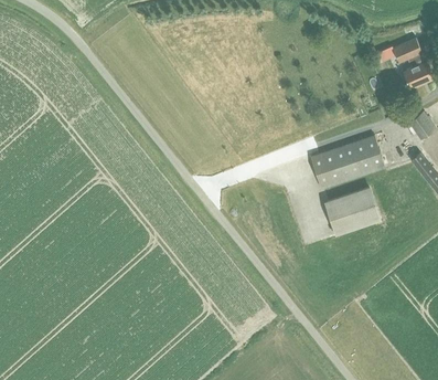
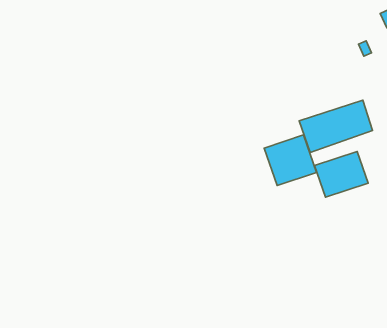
building: none -> [264,135,316,186]

